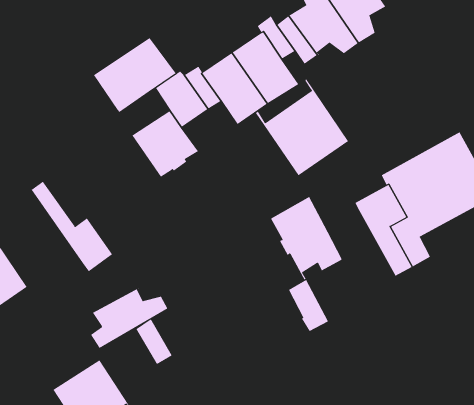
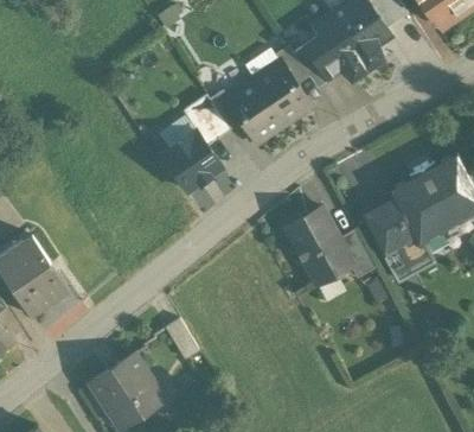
building: [93,37,176,113] -> none
building: [255,78,349,176] -> none
building: [31,181,113,272] -> none
building: [288,279,329,332] -> [338,230,374,278]
building: [90,287,168,349] -> none

